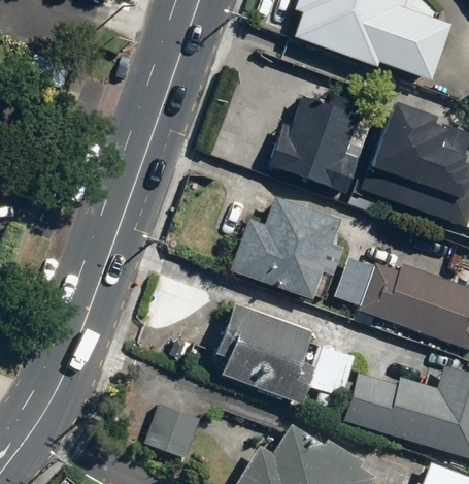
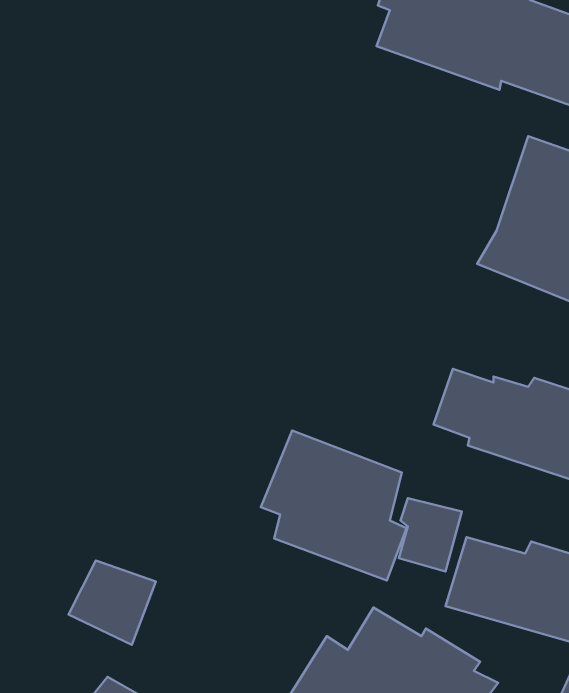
building: [272,93,370,192] -> none
building: [232,196,342,299] -> none
building: [139,406,199,463] -> [69,561,156,645]

